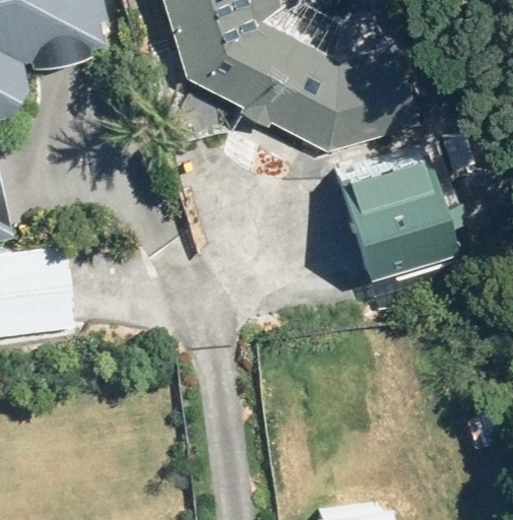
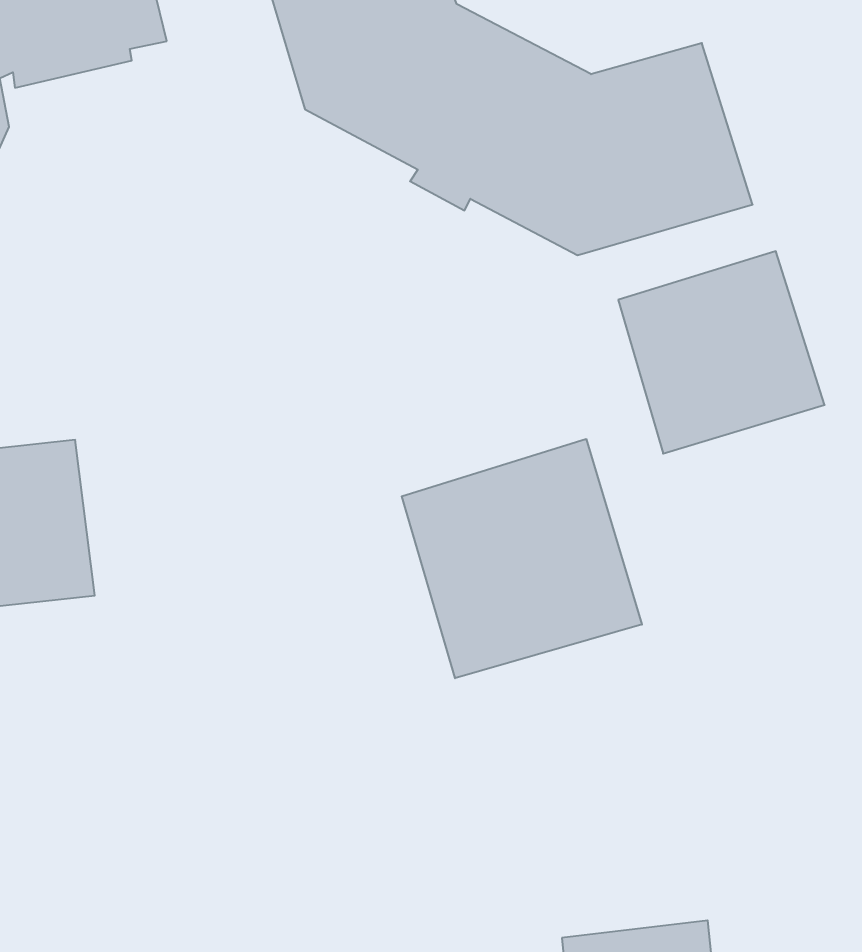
building: none -> [402,439,642,678]

